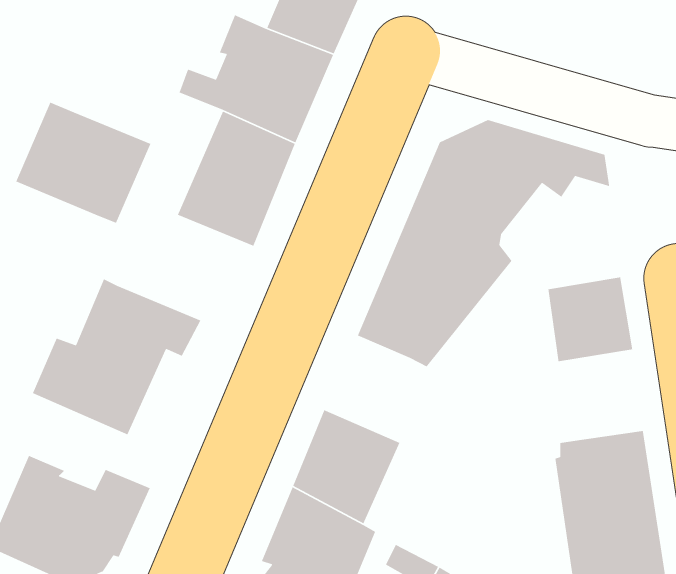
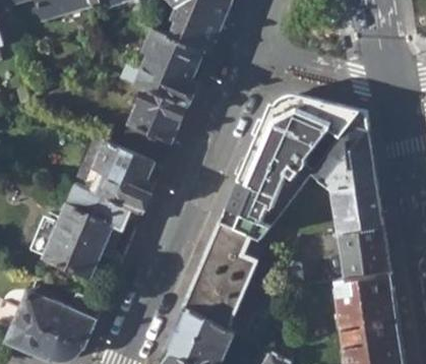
building: [15,101,151,224] -> [81,142,161,214]
building: none -> [311,126,374,191]
building: none -> [201,219,255,281]
building: none -> [338,227,387,280]

